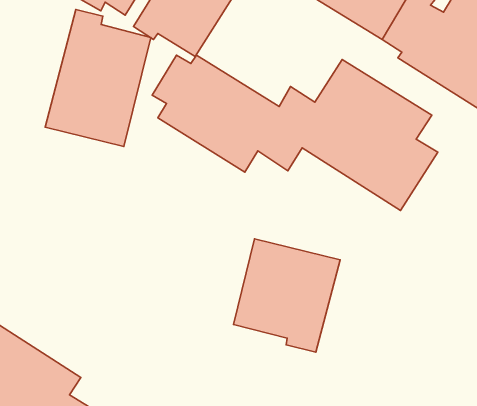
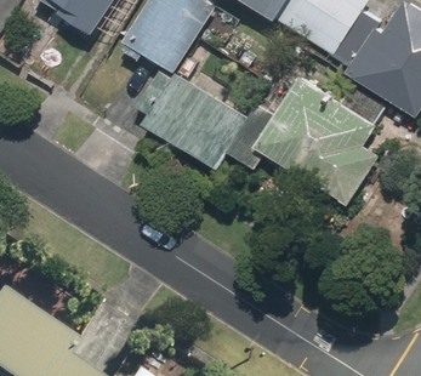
building: [45,10,151,147] -> none
building: [234,239,340,352] -> none

